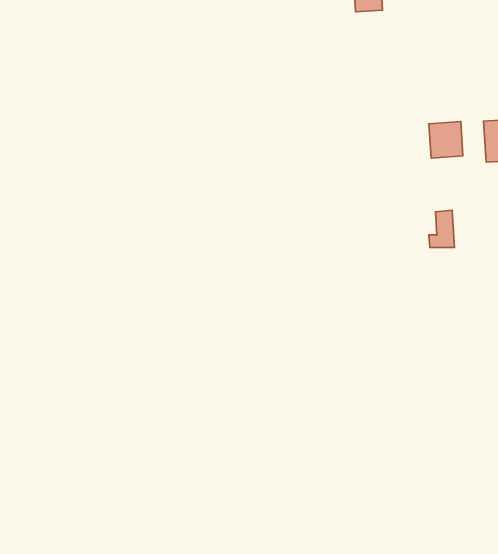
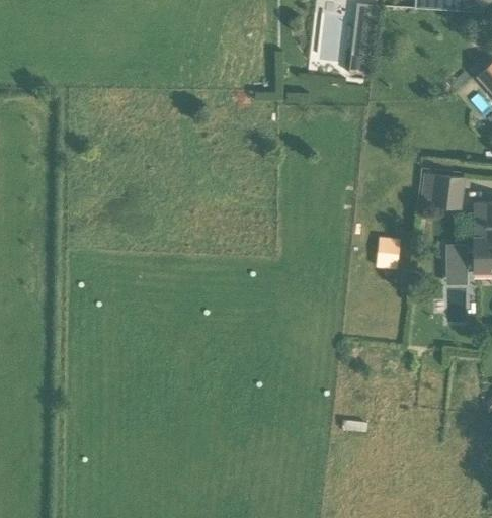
building: [429,122,463,158] -> none

